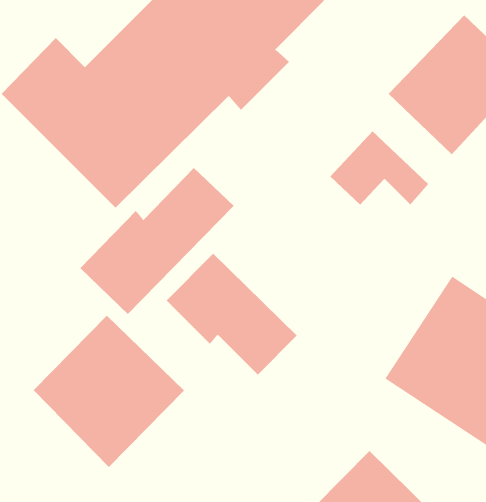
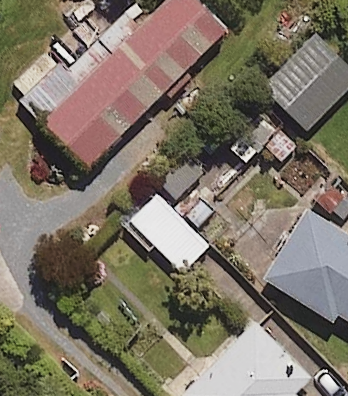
building: [79,167,235,315] -> none
building: [33,315,185,468] -> none

